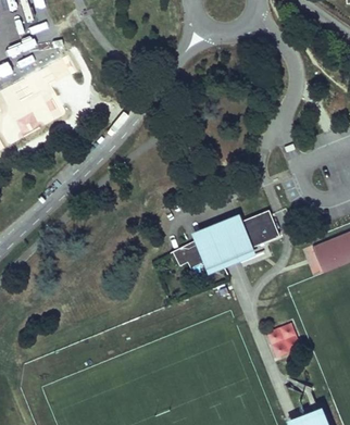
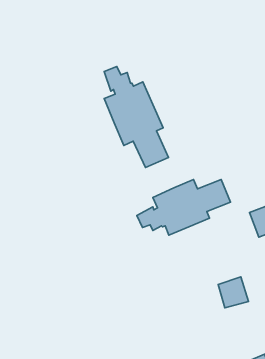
building: none -> [104,66,168,168]

